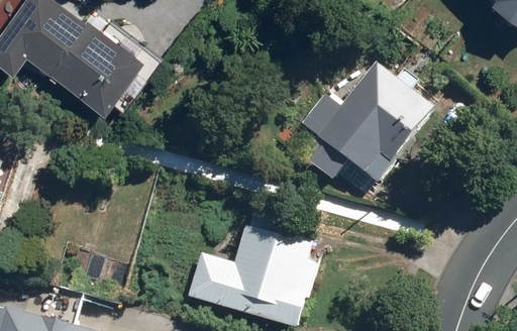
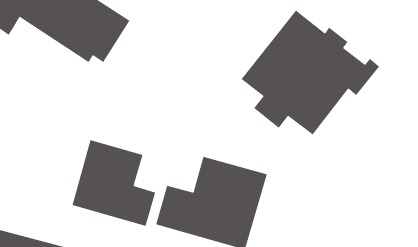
building: none -> [71,139,156,227]

